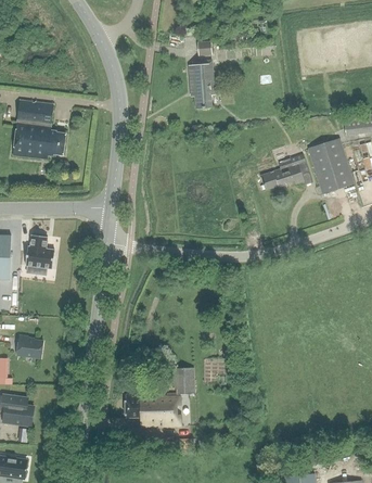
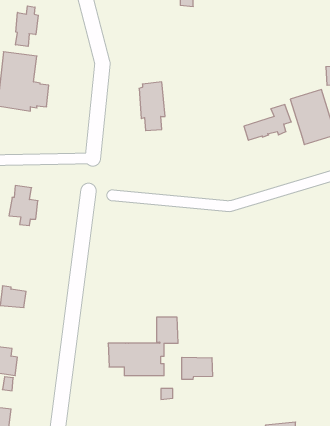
building: none -> [16,6,38,46]
building: [188,60,214,109] -> [139,82,165,131]
building: none -> [182,357,212,379]

